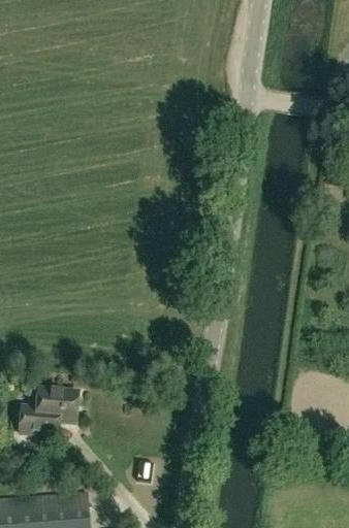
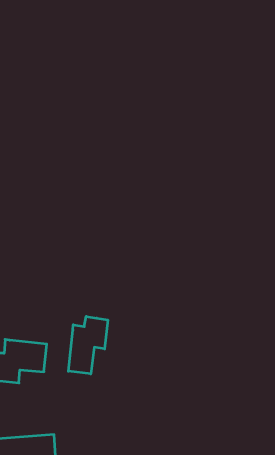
building: none -> [68,316,108,374]

